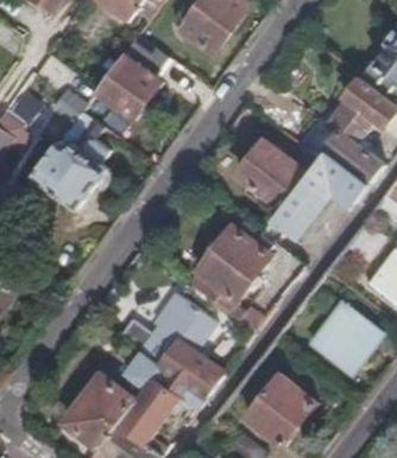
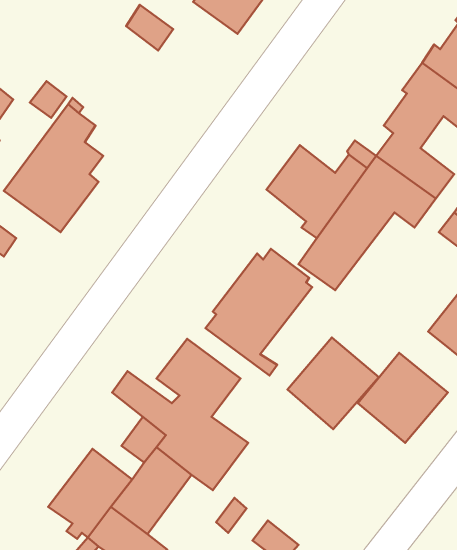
building: [95,53,162,121] -> none
building: [242,374,314,445] -> [287,338,379,429]

